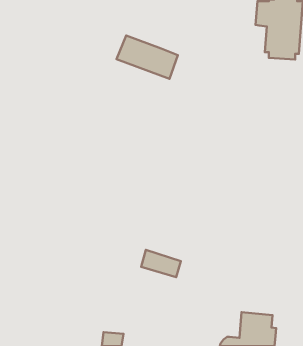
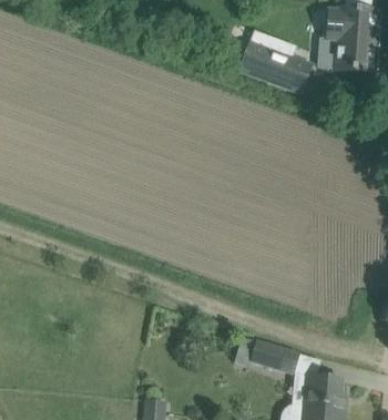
building: [117,35,178,79] -> [238,42,310,93]
building: [141,250,181,277] -> [251,340,297,372]

